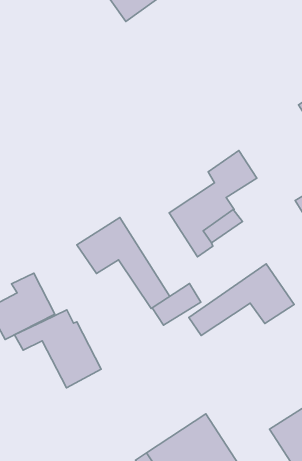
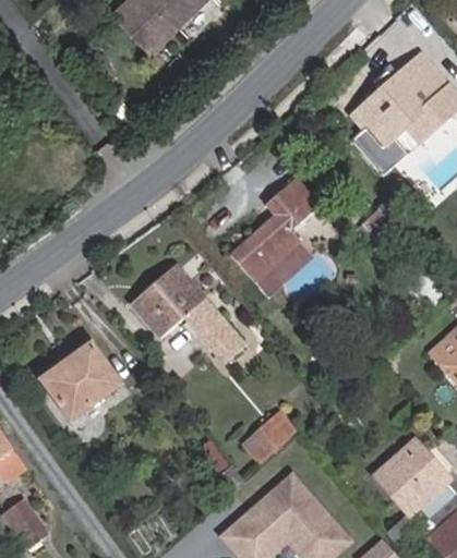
building: [189,264,294,336] -> none
building: [152,283,201,325] -> [242,412,294,462]
building: [15,310,101,388] -> none

